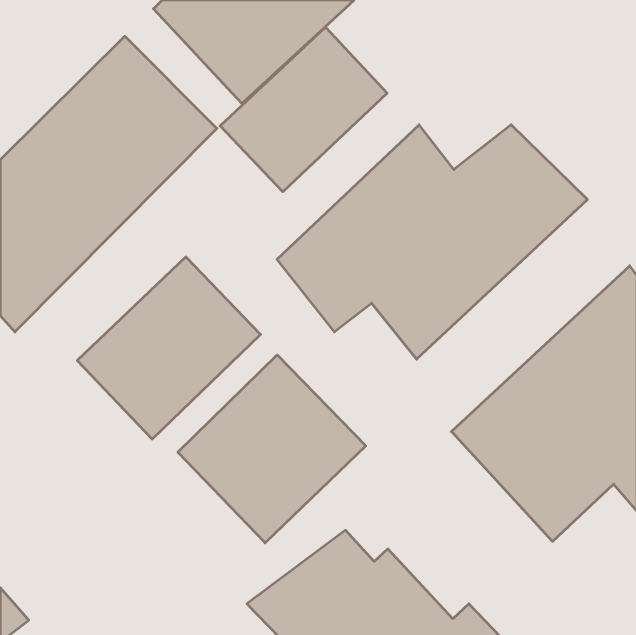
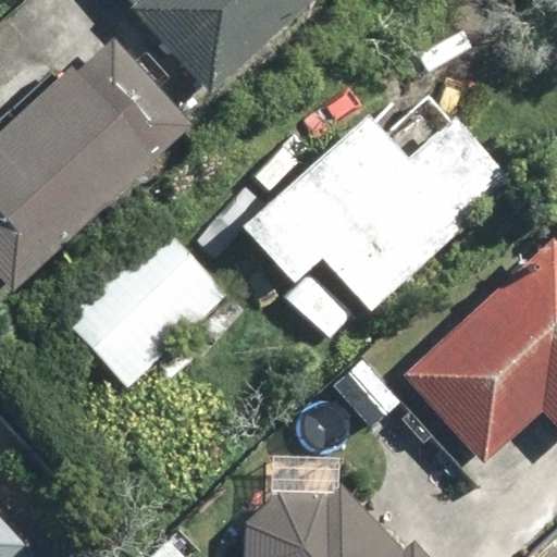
building: [220,27,387,192] -> none
building: [178,355,366,543] -> none

